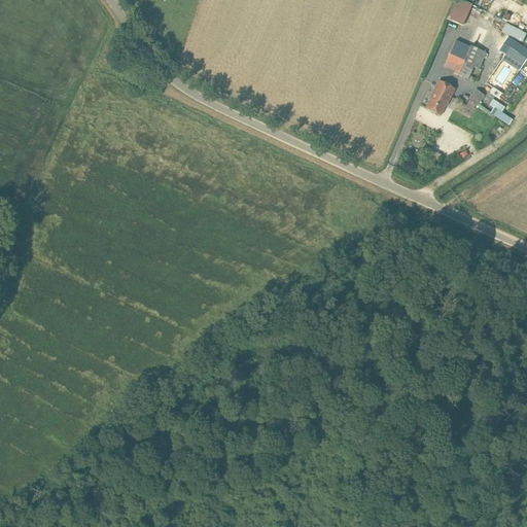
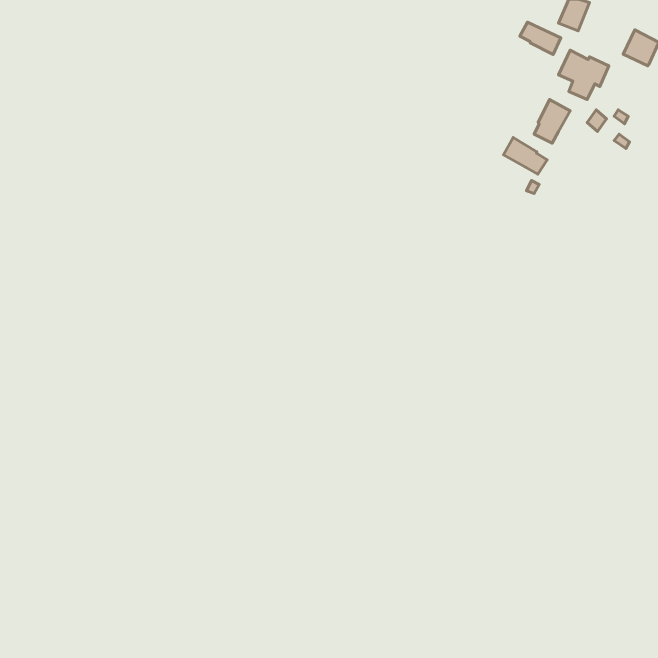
building: none -> [520,22,561,55]
building: none -> [503,137,547,174]

